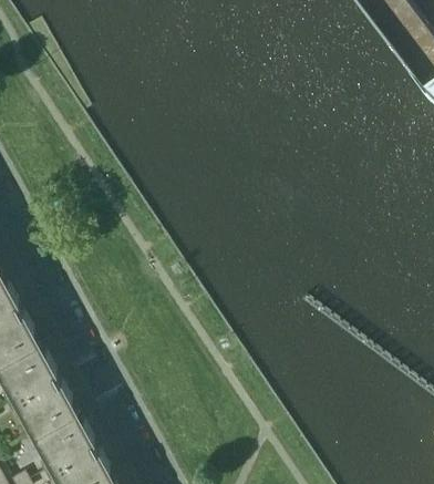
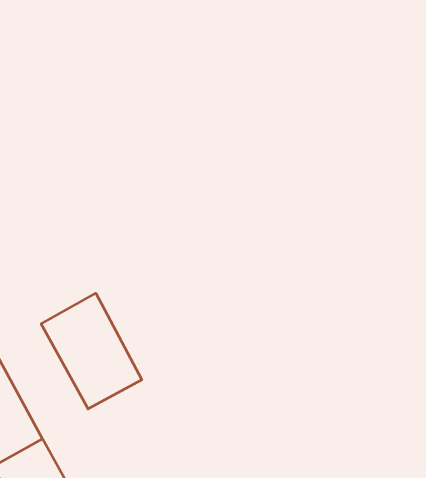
building: none -> [41,293,142,409]

